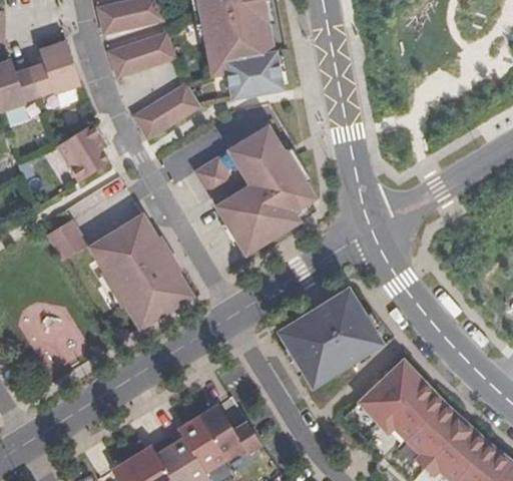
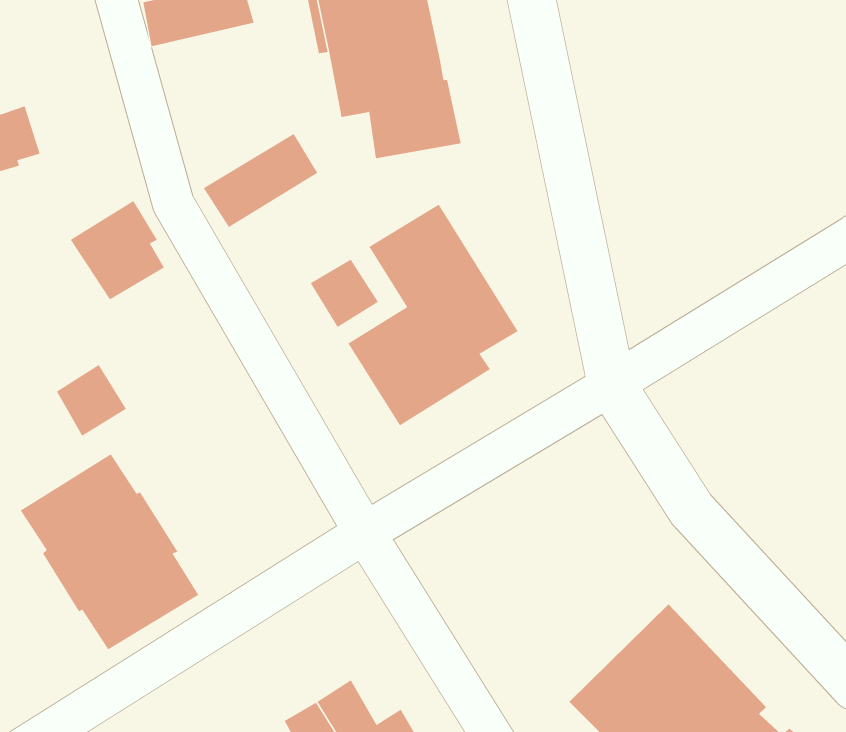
building: [109,32,175,77] -> none
building: [30,41,81,96] -> none
building: [90,214,194,329] -> [20,454,199,650]
building: [276,289,385,390] -> none

